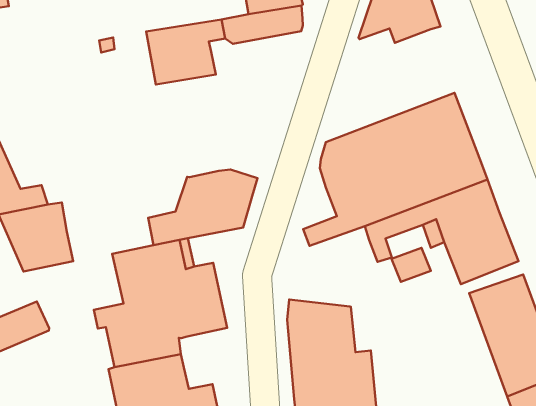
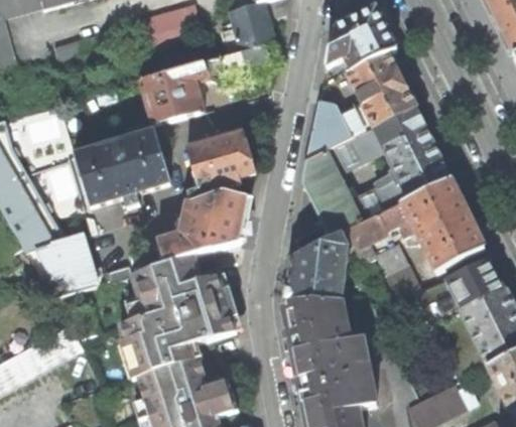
building: none -> [306,51,414,159]
building: none -> [75,131,170,206]
building: none -> [186,130,255,201]
building: none -> [288,229,353,300]

